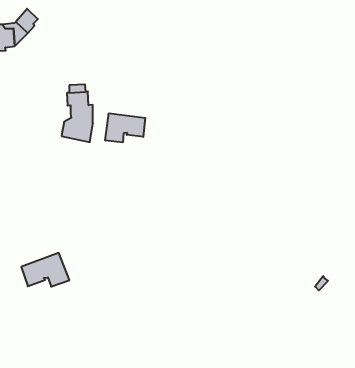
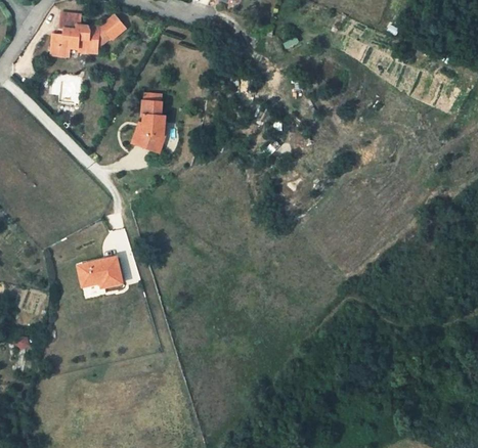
building: [105,113,145,142] -> none

